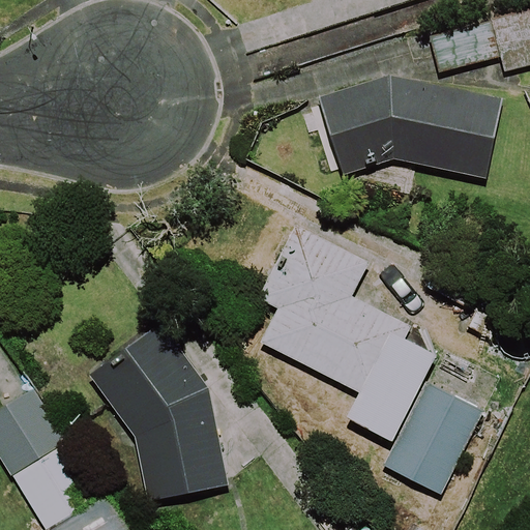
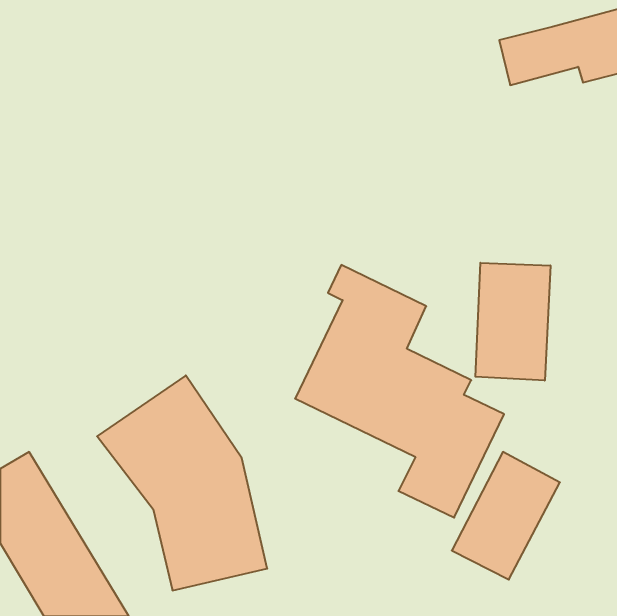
building: [313,72,504,181] -> none
building: none -> [475,263,550,381]

